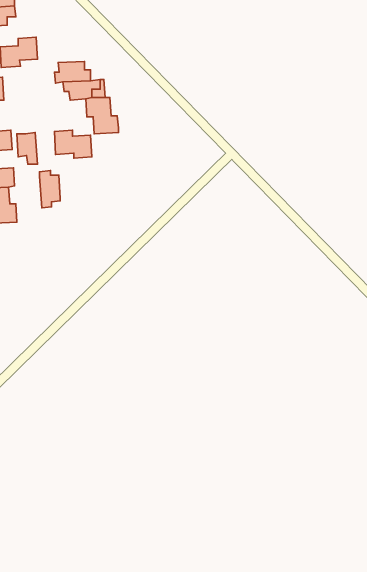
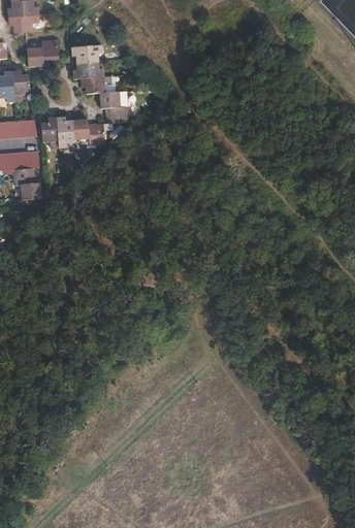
building: none -> [71,45,101,62]
building: [40,171,60,208] -> [56,117,73,148]

